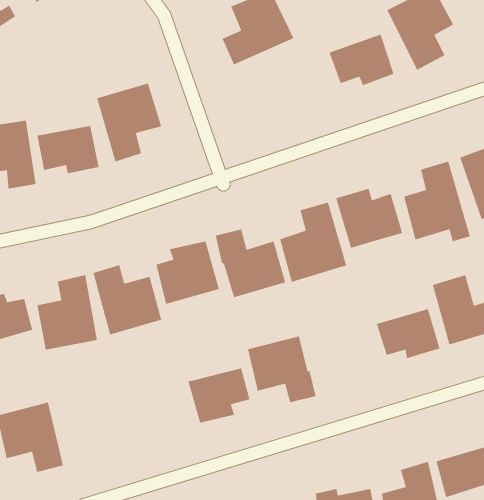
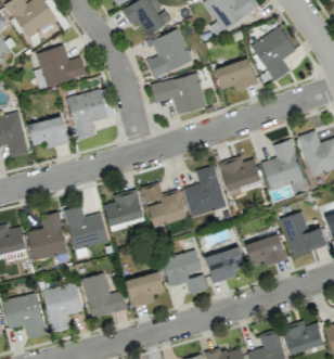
building: none -> [37,46,87,87]
building: none -> [151,73,206,113]
building: none -> [205,246,245,283]
building: none -> [81,273,127,319]
building: none -> [42,283,84,333]

